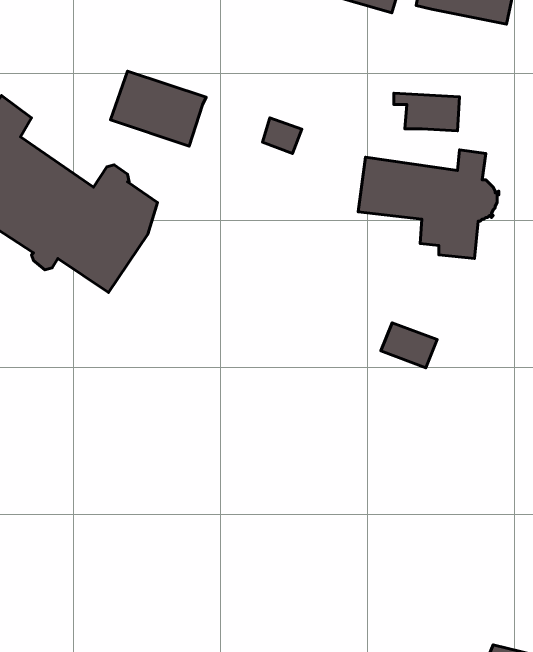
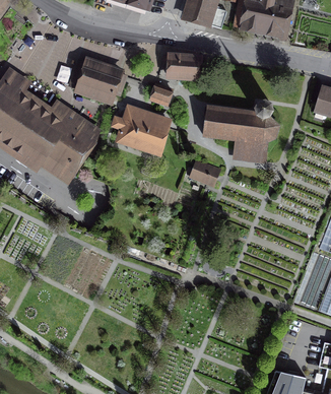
building: [394,93,459,131] -> [163,56,199,76]
building: none -> [114,107,169,151]
building: [381,323,437,368] -> [190,160,220,185]

